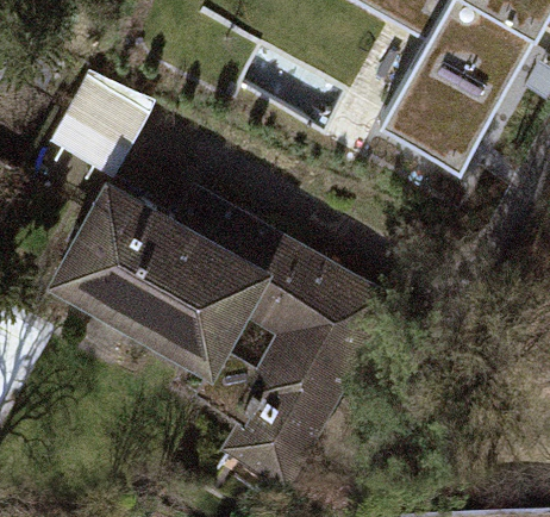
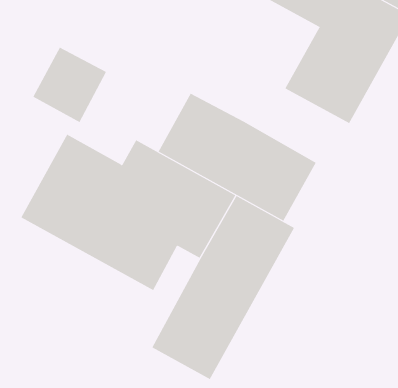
building: none -> [158,93,316,222]

